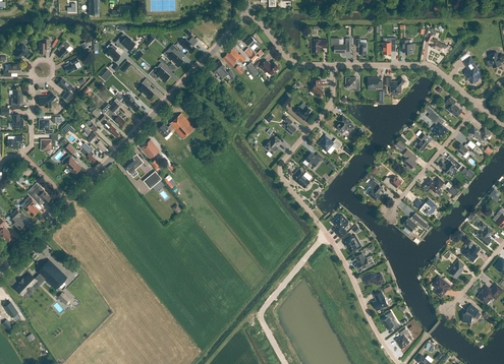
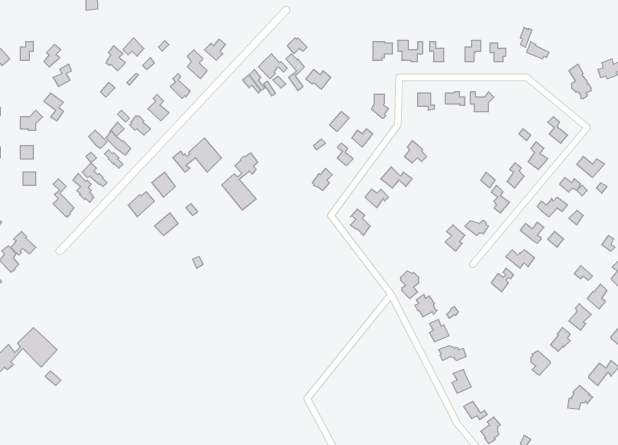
building: none -> [222,153,258,210]

